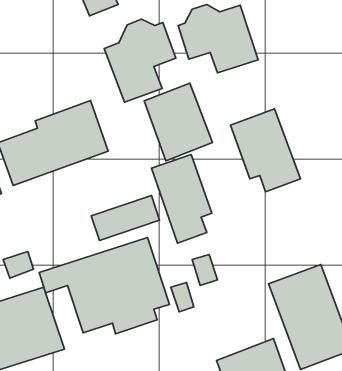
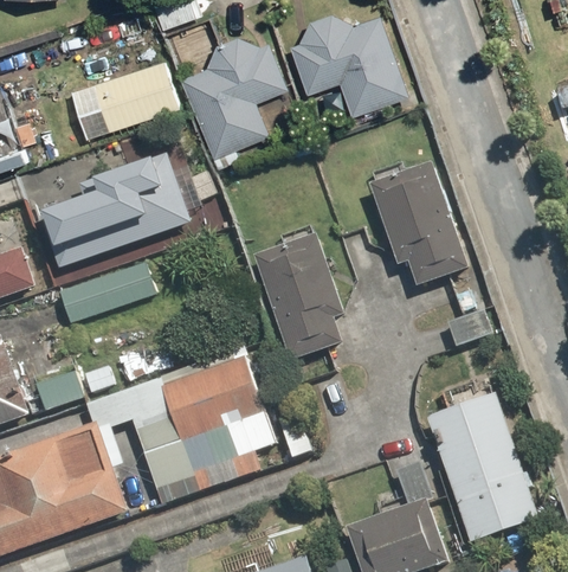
building: none -> [89,54,180,129]
building: [144,83,212,161] -> none
building: [91,196,160,240] -> [57,258,156,323]

